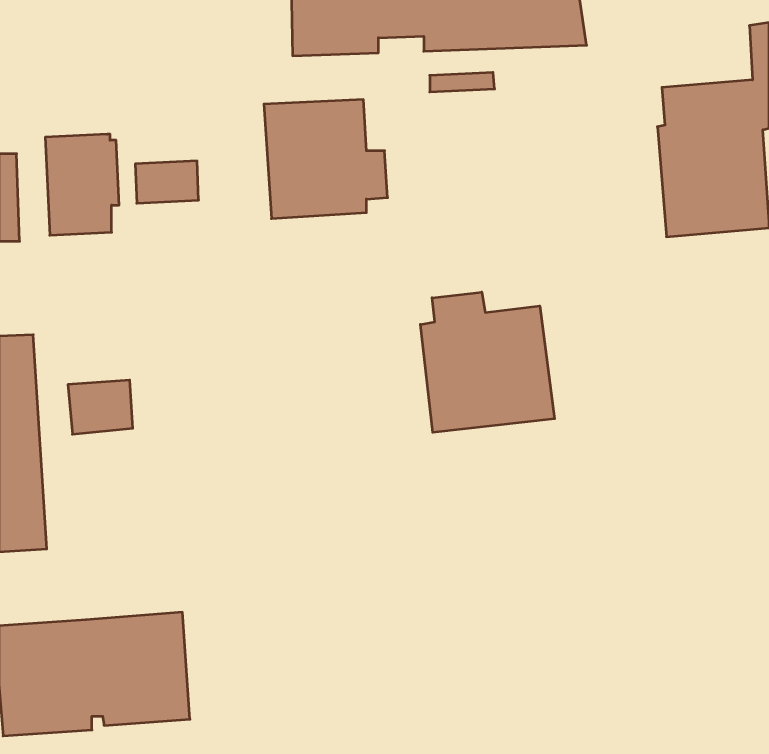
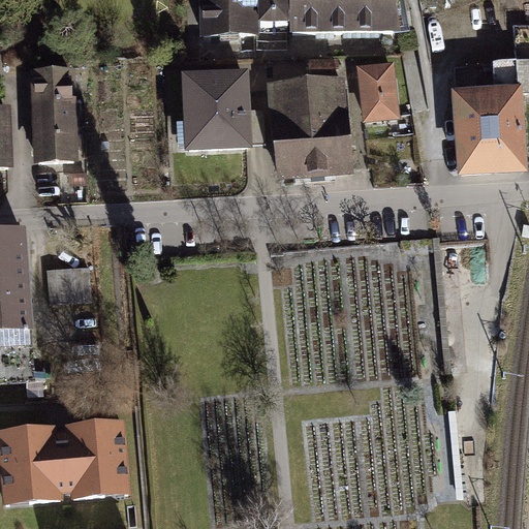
building: none -> [357,59,400,118]
building: none -> [267,76,353,177]
building: [135,161,199,203] -> [30,65,73,94]
building: [420,292,555,432] -> none

